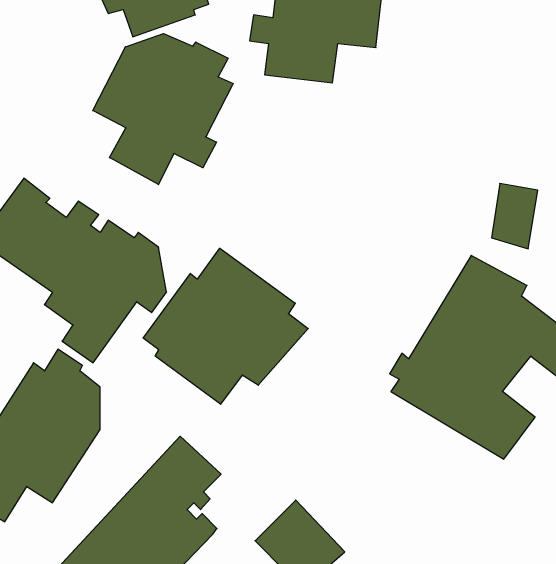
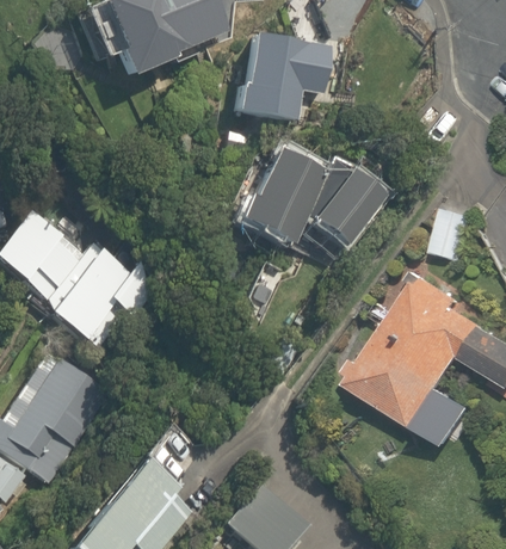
building: [93,34,233,185] -> none
building: none -> [240,154,381,251]
building: [143,248,308,404] -> none

